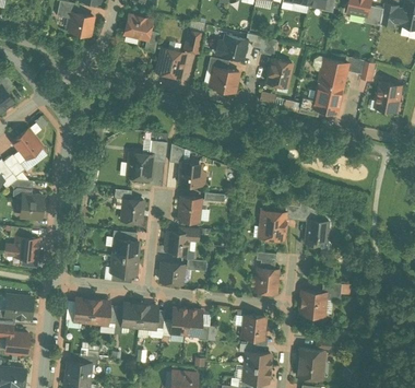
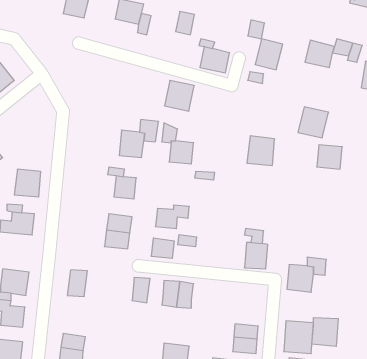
building: [215,33,246,59] -> none
building: [156,46,187,78] -> [164,80,194,111]
building: [311,81,343,113] -> [298,107,329,138]
building: [10,126,43,161] -> none
building: [178,197,201,221] -> none
building: [258,209,286,239] -> [247,136,275,165]
building: [304,219,330,244] -> [317,145,342,169]
building: [91,296,109,325] -> none
building: [121,301,142,327] -> none
building: [241,315,266,340] -> none
building: none -> [312,318,338,346]

